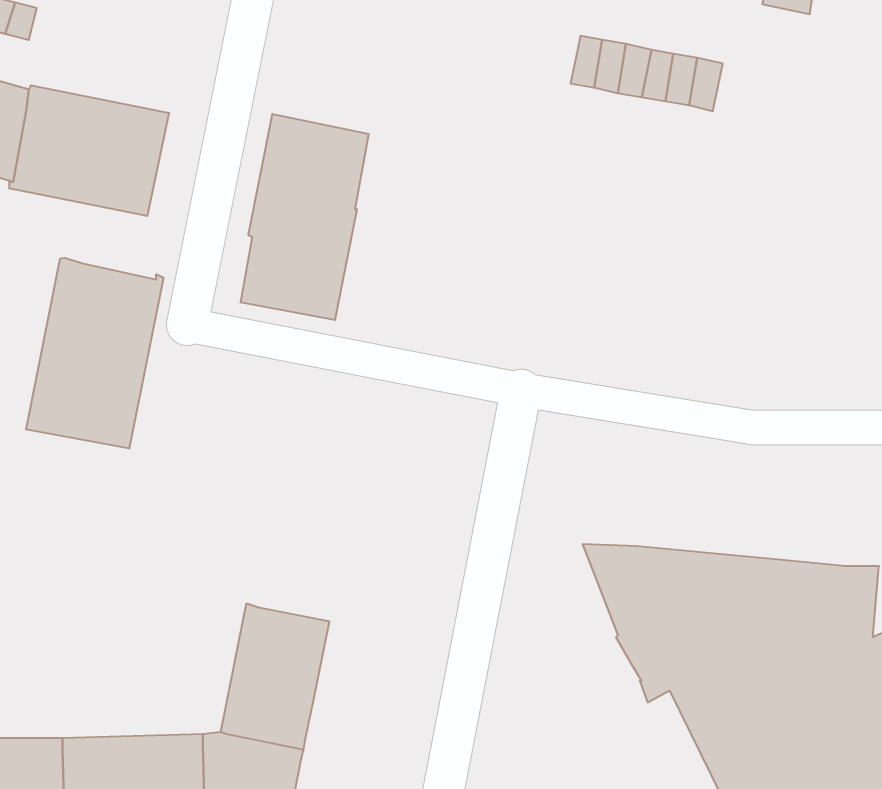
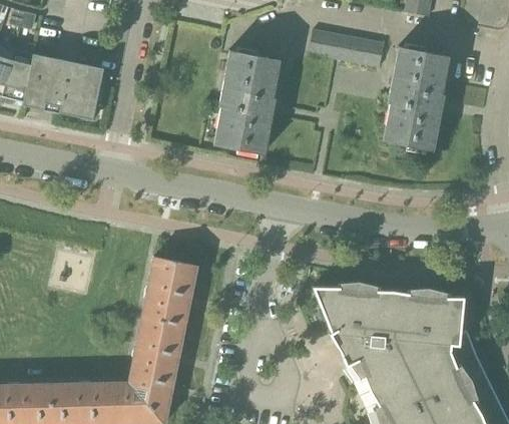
building: none -> [382,45,448,150]
building: [240,114,369,320] -> [214,49,280,153]
building: [26,258,163,449] -> none
building: none -> [143,258,197,326]

